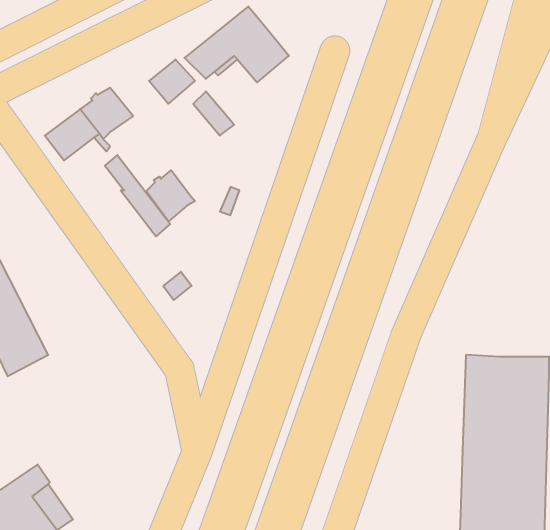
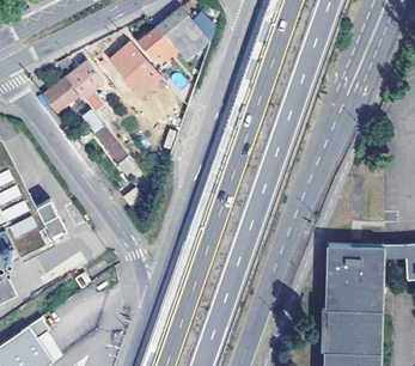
building: [146,170,195,222] -> none

